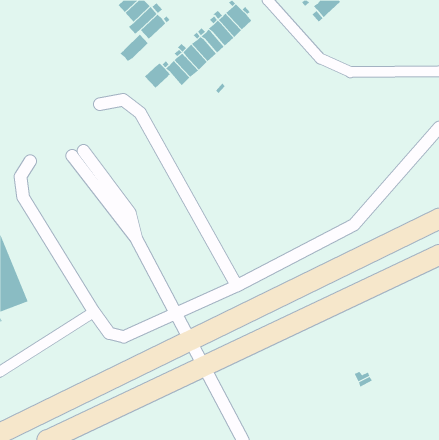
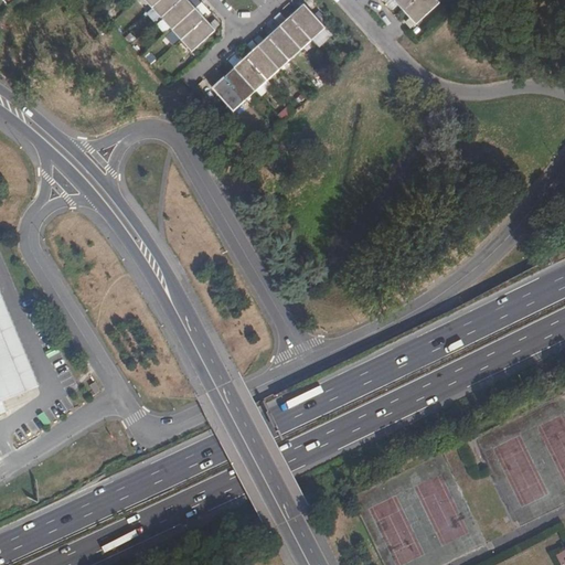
building: [119,34,149,62] -> none
building: [144,62,171,89] -> none

